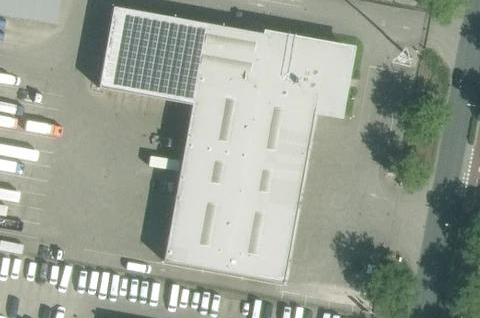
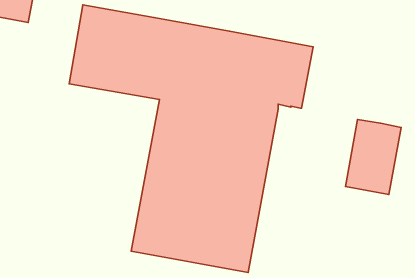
building: none -> [345,119,401,195]

